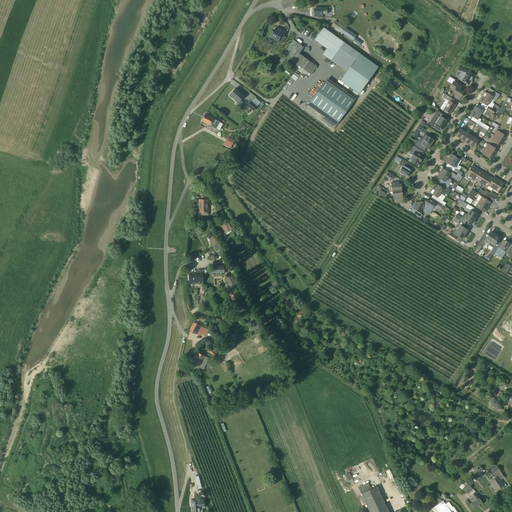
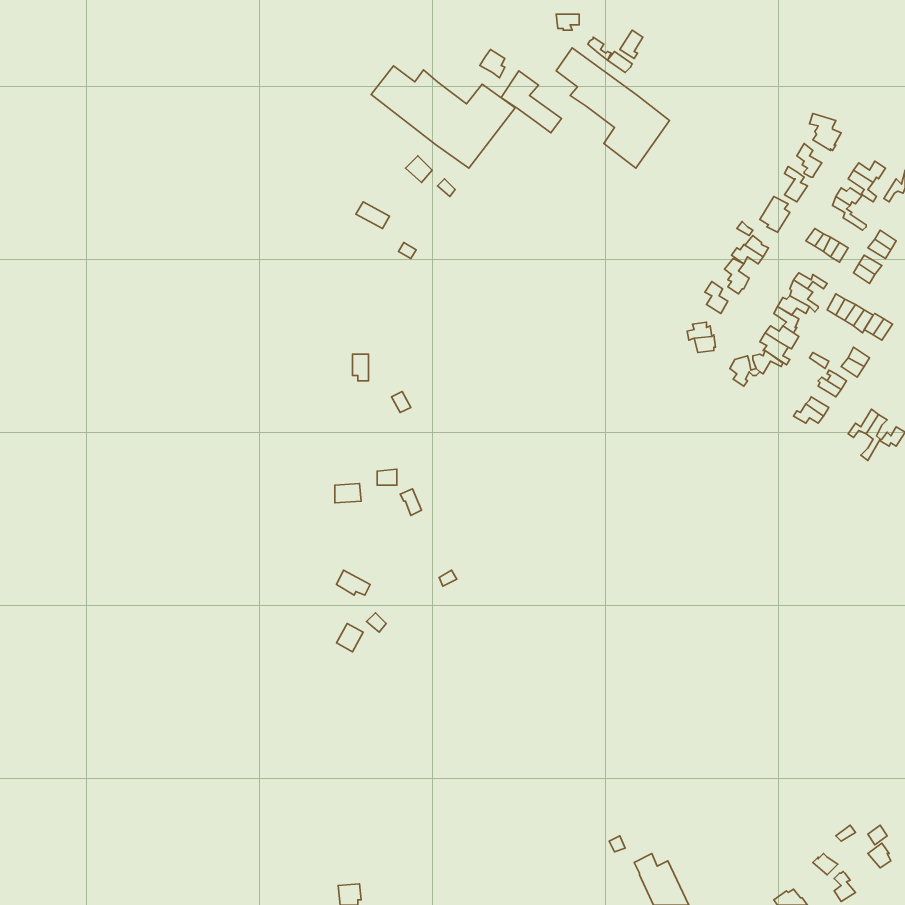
building: none -> [371,66,515,168]
building: [308,82,356,126] -> none

